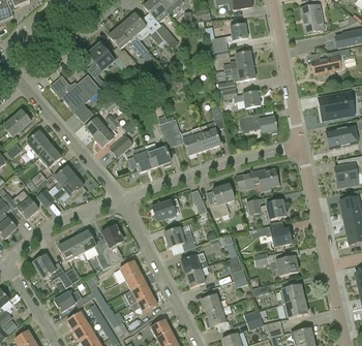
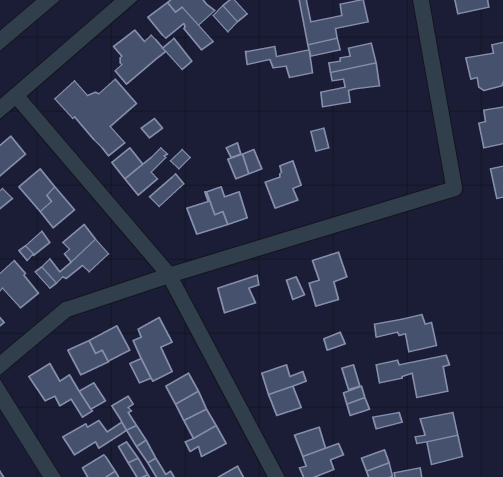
building: [217,89,260,108] -> [245,47,312,78]
building: [239,113,276,134] -> none
building: [200,122,220,151] -> none
building: [236,169,278,191] -> none
building: [246,198,285,220] -> none
building: [163,228,195,251] -> none

